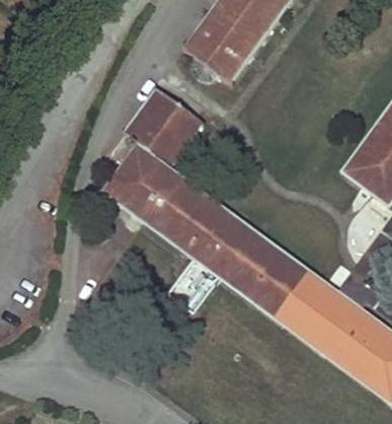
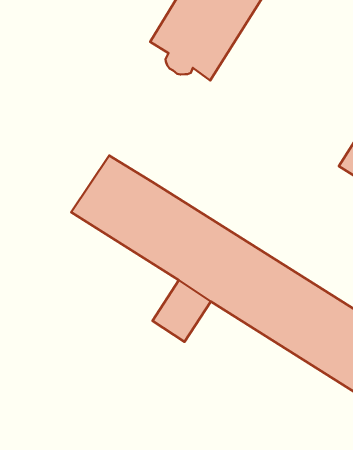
building: [124,86,206,170] -> none

